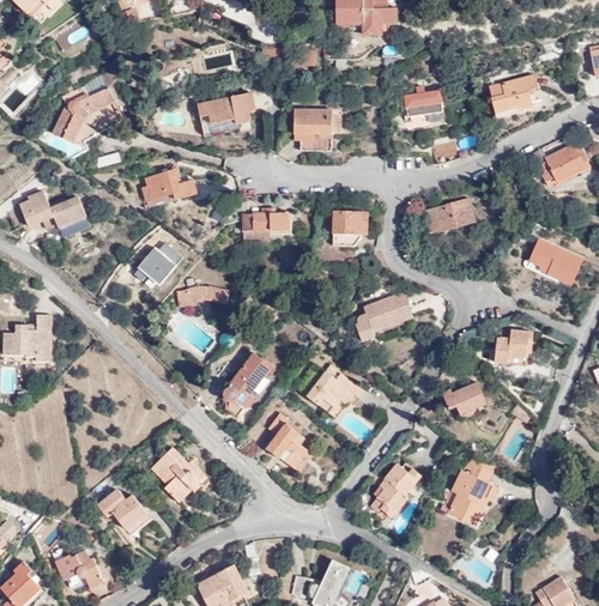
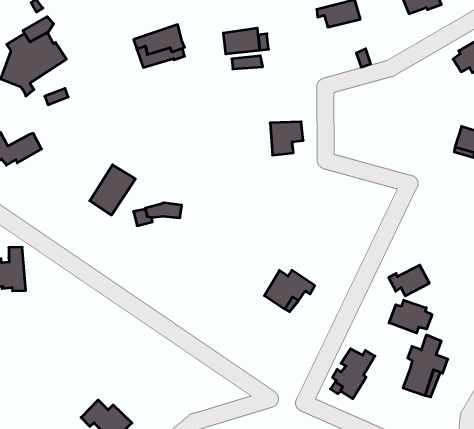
building: [143,169,196,207] -> none
building: [423,198,473,234] -> none
building: [242,204,289,230] -> none
building: [357,293,415,343] -> none
building: [495,329,532,363] -> none
building: [223,352,271,416] -> none
building: [267,413,308,469] -> none
building: none -> [389,300,432,333]
building: [152,448,206,501] -> none

